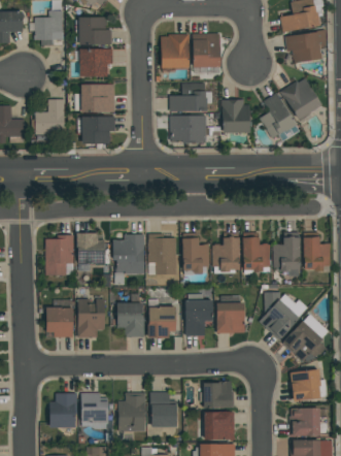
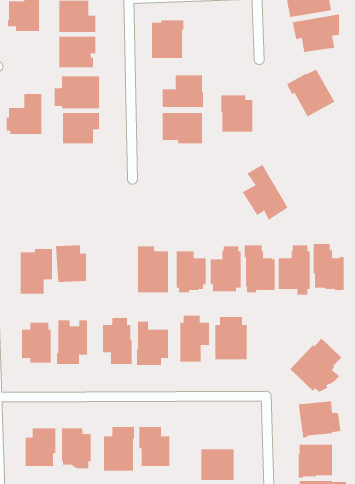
building: [193,33,220,67] -> none
building: [259,93,300,142] -> [242,164,289,220]
building: [112,234,144,285] -> none
building: [259,292,308,339] -> none
building: [203,381,234,408] -> none

